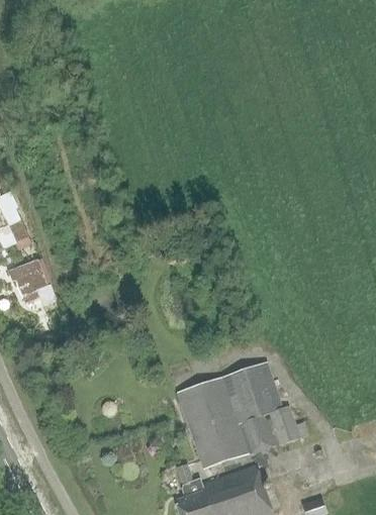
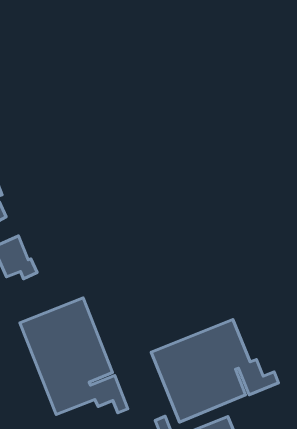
building: none -> [20,298,128,414]

